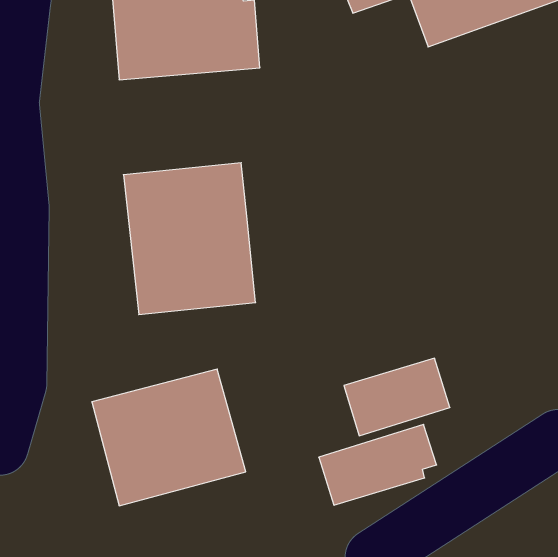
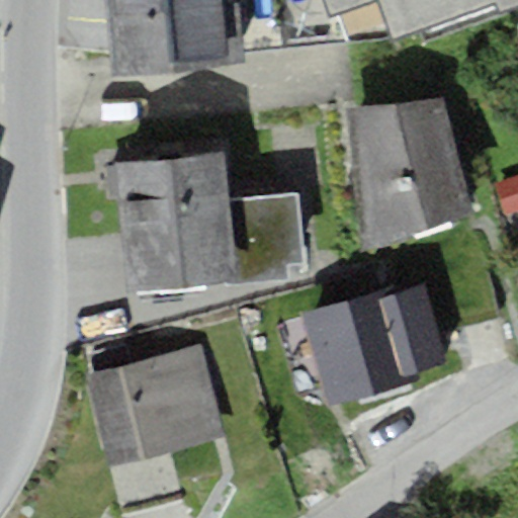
building: none -> [343,96,474,247]
building: none -> [229,193,304,280]
building: [319,424,437,505] -> [305,282,414,357]

